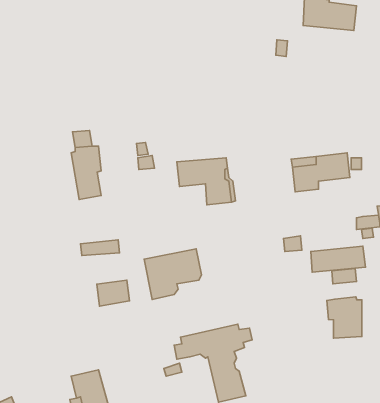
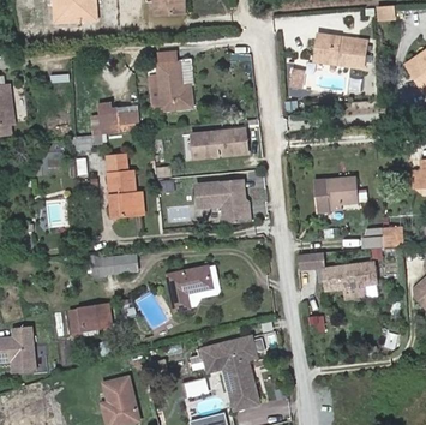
building: none -> [146,52,190,110]
building: none -> [91,107,131,136]
building: none -> [193,128,250,158]
building: [97,280,129,306] -> [82,304,112,328]
building: [327,297,362,338] -> none

